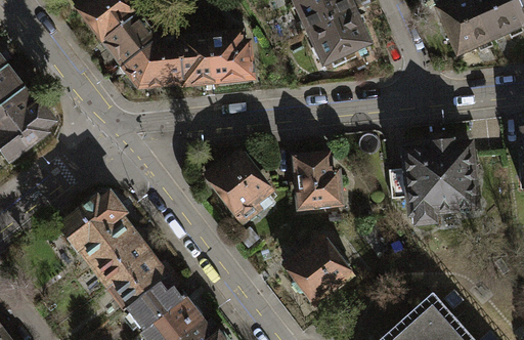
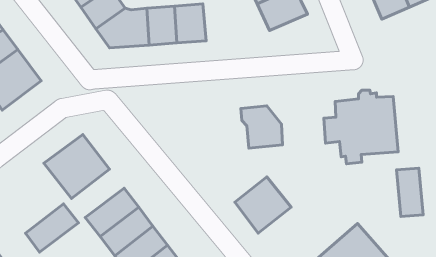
building: [206,158,263,221] -> none
building: none -> [396,168,423,217]
building: [91,229,154,287] -> [26,204,78,252]

